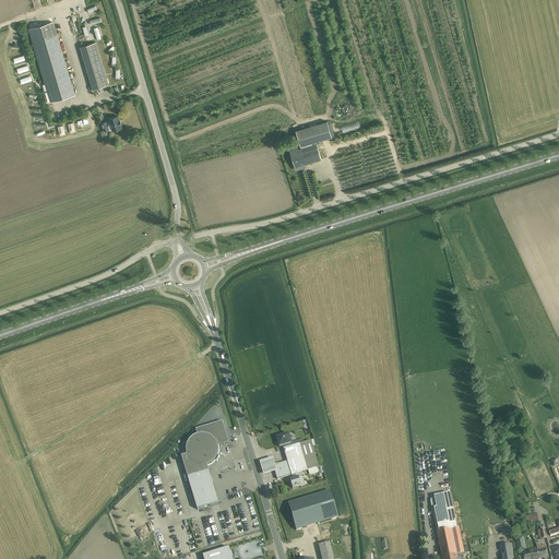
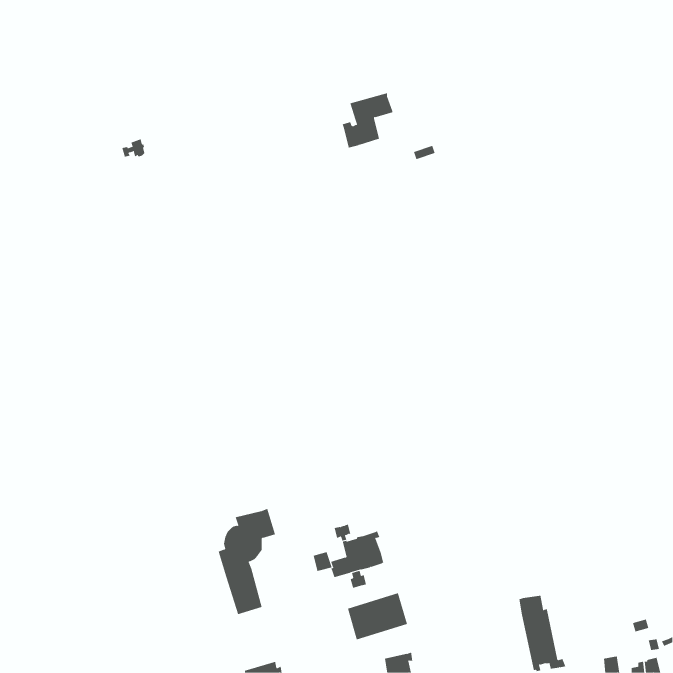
building: [28,21,73,100] -> none
building: [80,41,108,88] -> none
building: [288,120,331,166] -> [342,93,393,148]

